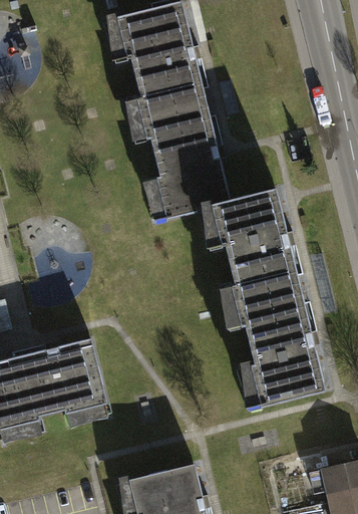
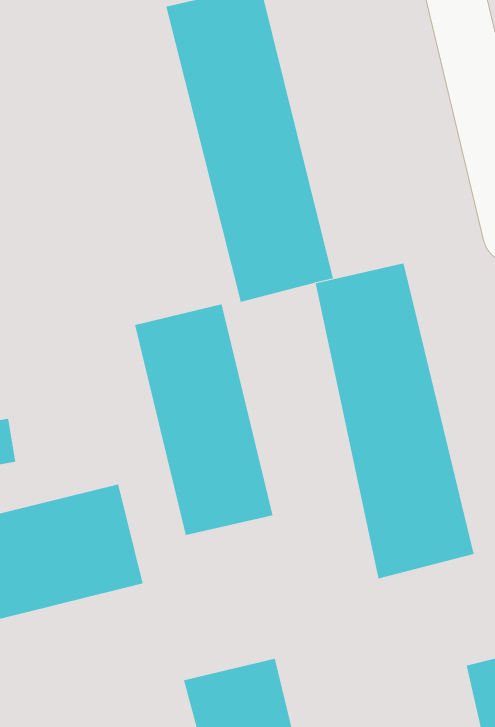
building: none -> [135,304,273,536]

